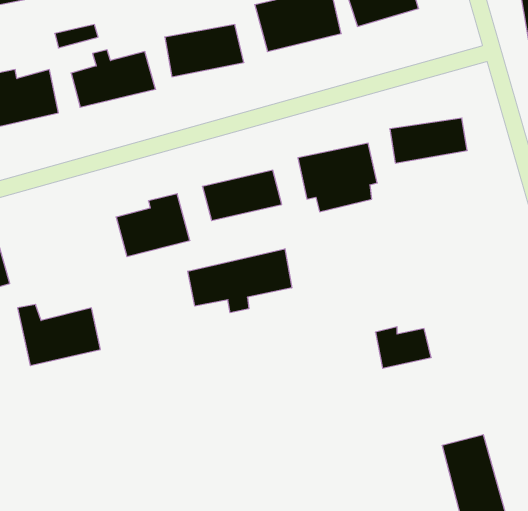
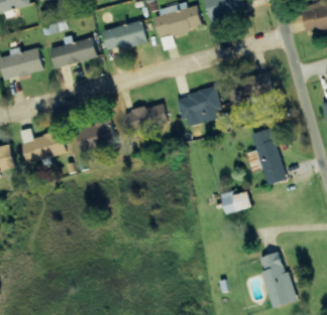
building: none -> [251,129,285,186]
building: [188,249,292,313] -> none
building: [18,304,100,366] -> [19,129,66,163]

